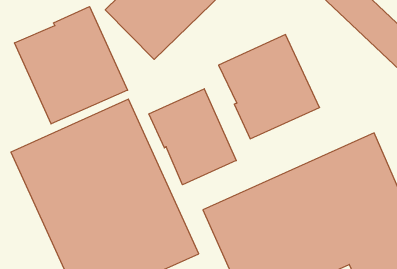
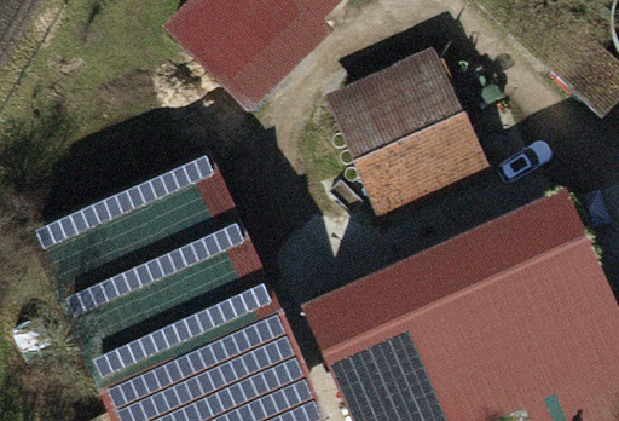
building: [15,7,128,124] -> none
building: [149,89,236,185] -> none

